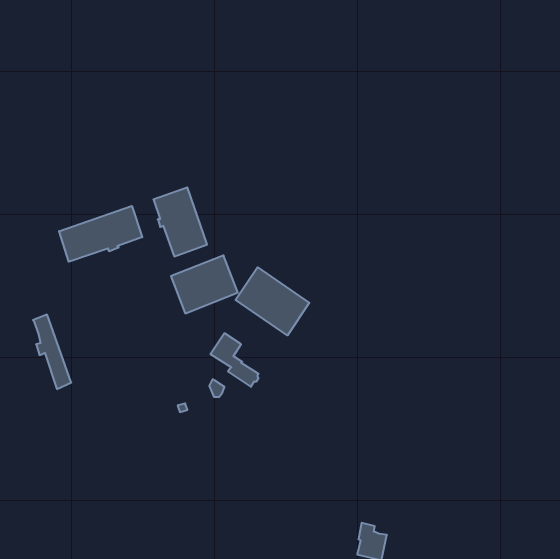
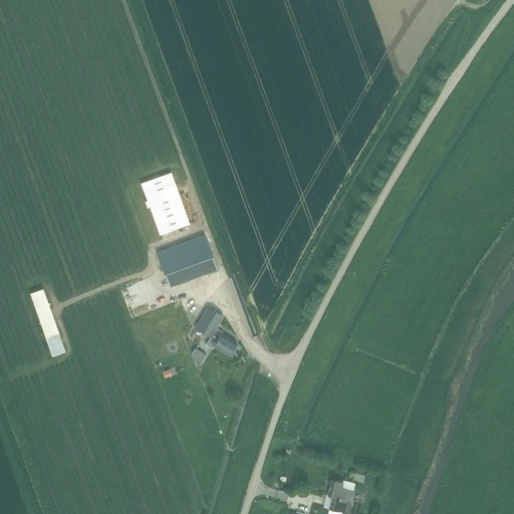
building: [59,206,142,262] -> none
building: [236,267,309,335] -> none

